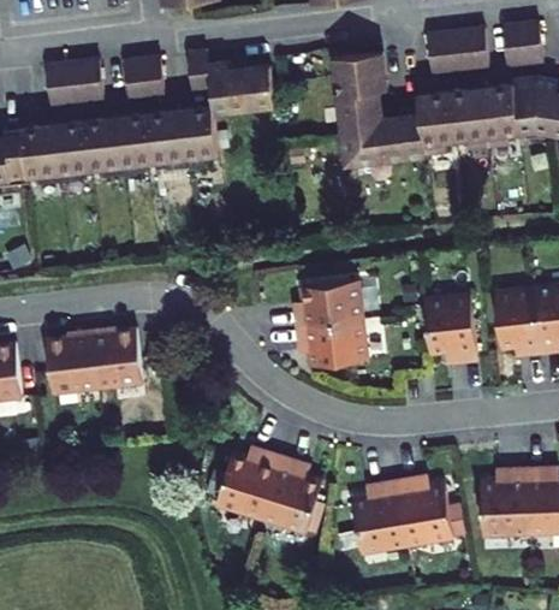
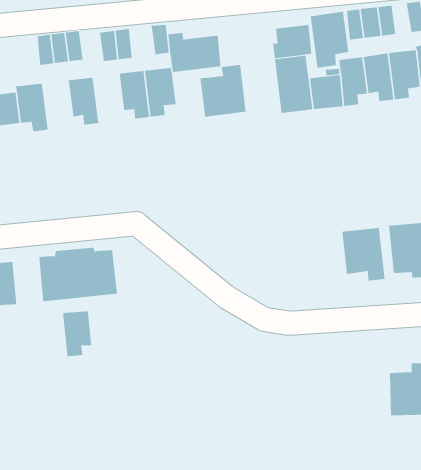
building: none -> [310,11,349,68]
building: none -> [200,64,246,118]
building: [117,112,154,173] -> none
building: [54,120,91,182] -> none
building: [286,289,362,375] -> none
building: none -> [63,310,92,357]
building: [214,449,320,533] -> none
building: [353,476,457,553] -> none

